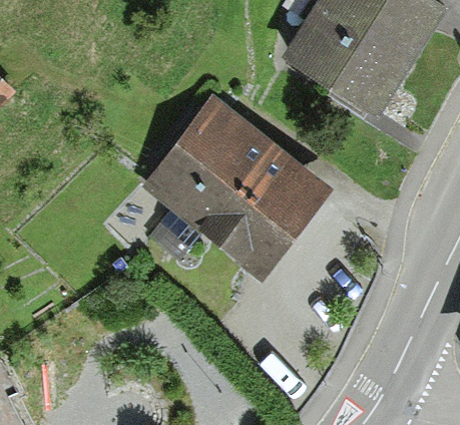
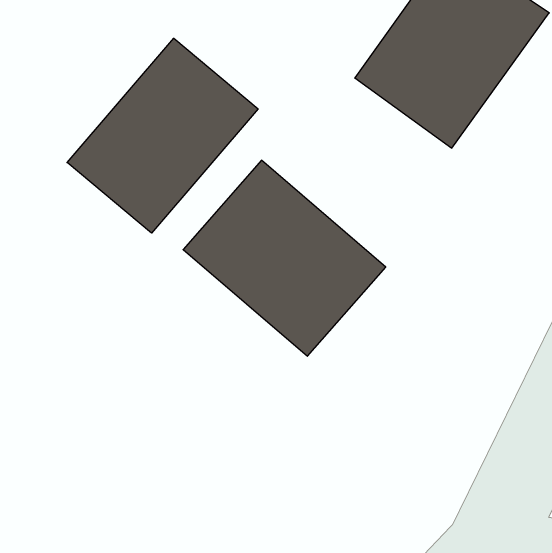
building: none -> [67,38,258,233]

